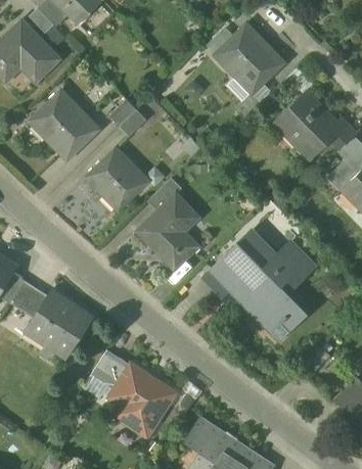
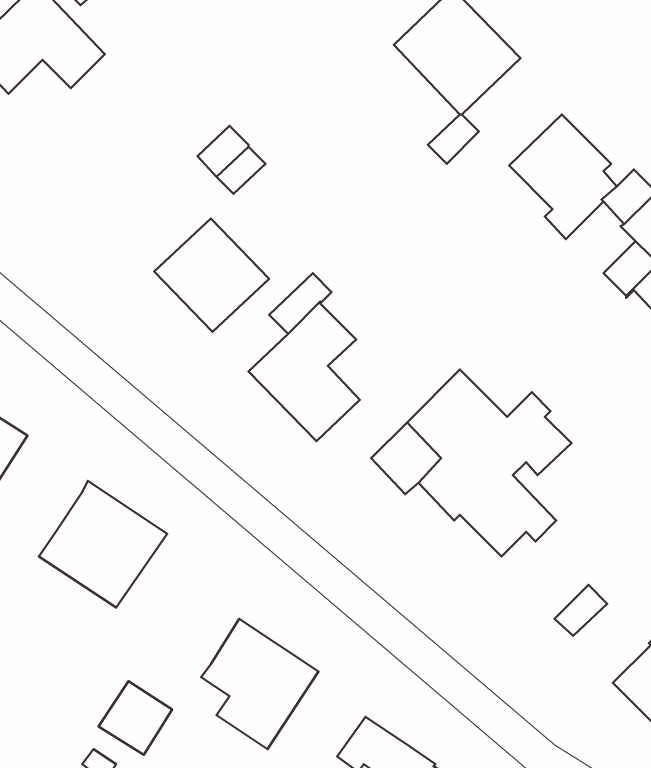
building: [31,91,98,158] -> none
building: [10,282,47,318] -> none
building: [92,349,132,389] -> [98,681,172,755]

